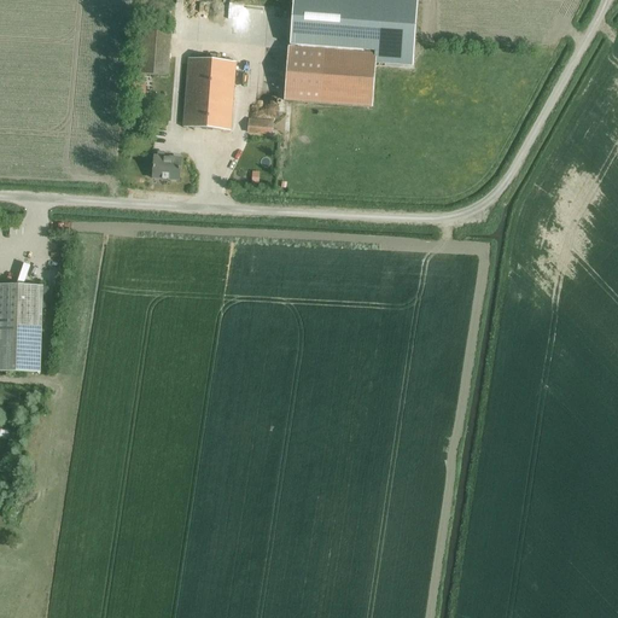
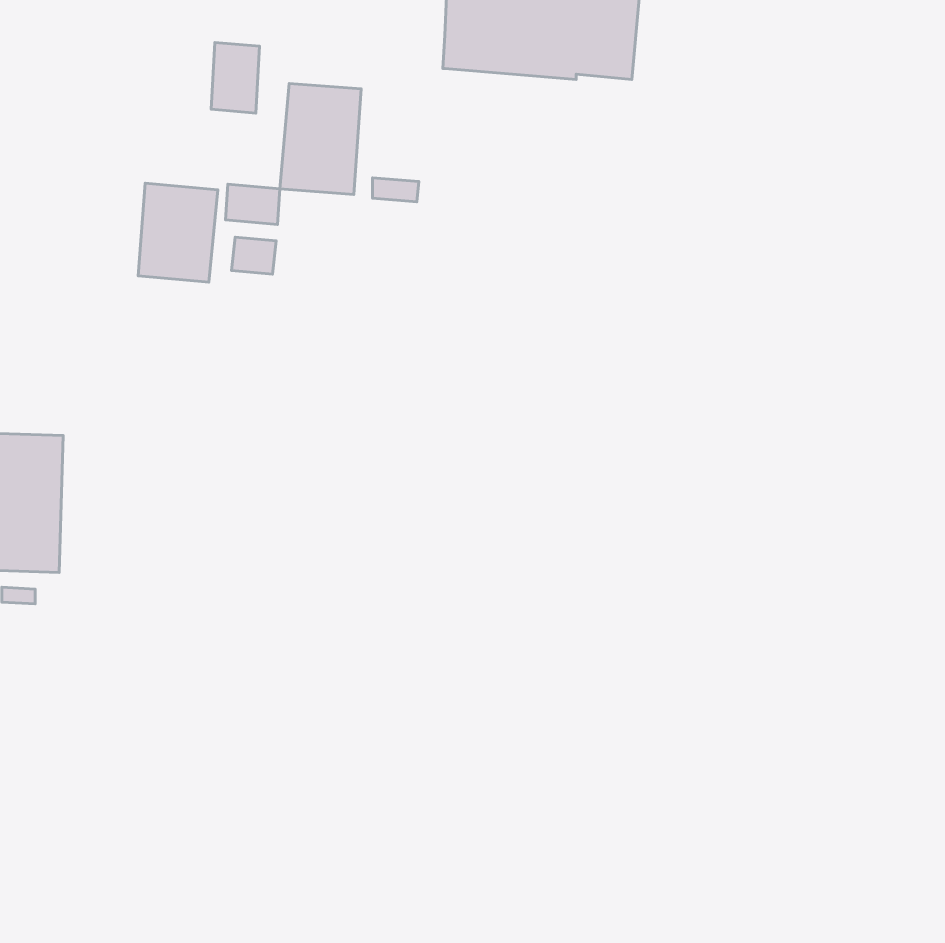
building: [285,45,375,105] -> none
building: none -> [138,183,218,282]
building: none -> [226,184,280,225]

